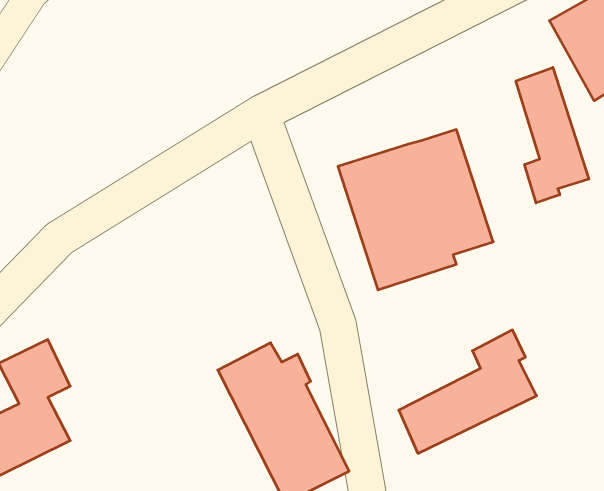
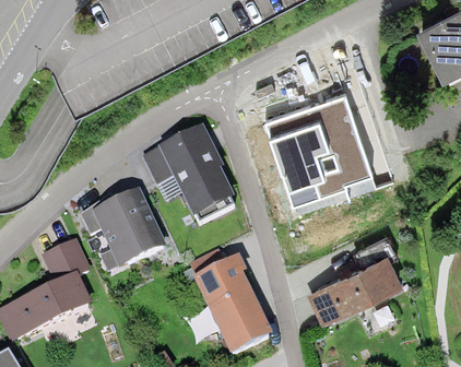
building: [516,67,589,203] -> none
building: none -> [143,125,235,222]
building: none -> [91,182,165,268]

